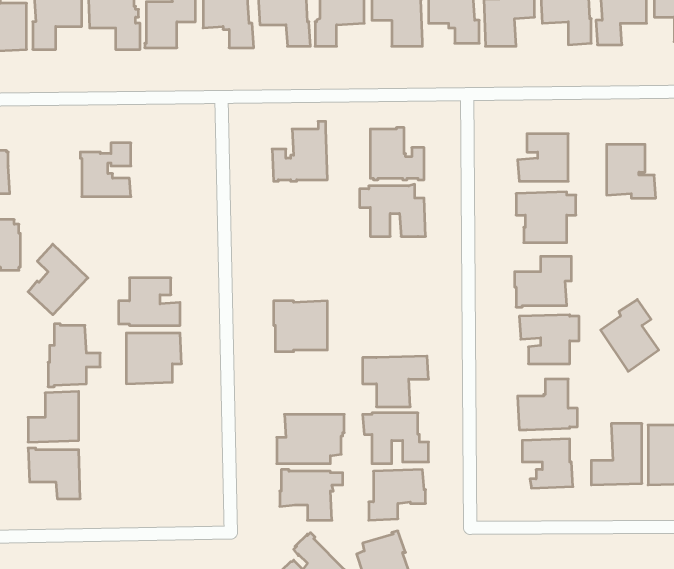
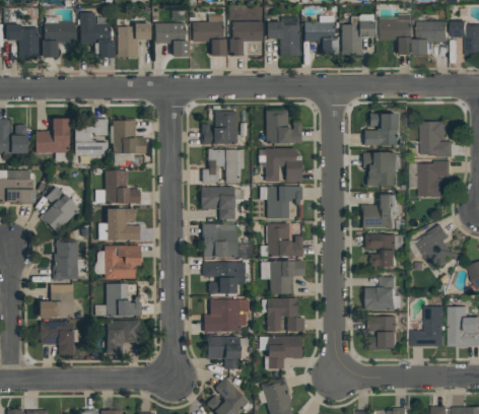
building: none -> [36,119,69,162]
building: none -> [111,121,146,165]
building: none -> [202,149,244,183]
building: none -> [420,160,452,196]
building: none -> [105,170,140,204]
building: none -> [260,186,302,218]
building: none -> [201,187,244,219]
building: none -> [260,223,303,258]
building: none -> [202,262,236,294]
building: none -> [94,283,141,316]
building: none -> [107,321,140,355]

